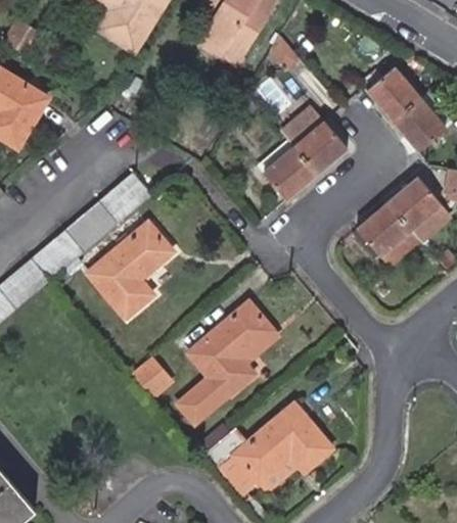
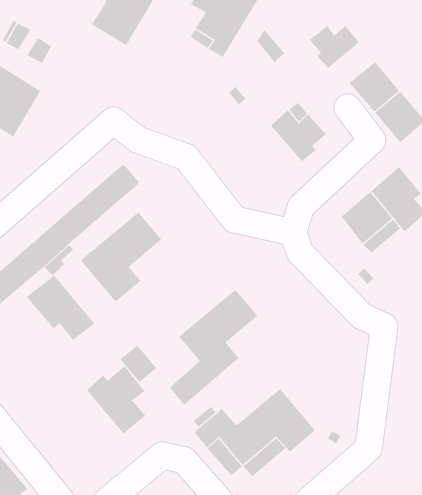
building: none -> [309,25,360,69]
building: [263,146,317,199] -> none
building: none -> [26,275,96,341]
building: none -> [86,365,146,434]

